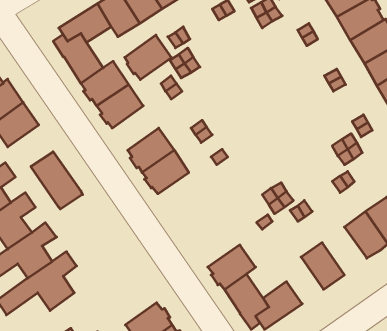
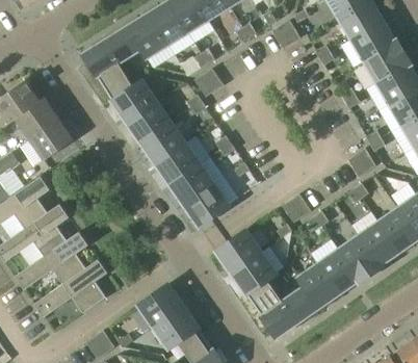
building: [125,35,171,80] -> [141,122,185,163]
building: [31,152,83,209] -> none
building: none -> [184,184,229,226]
building: none -> [216,230,261,273]
building: none -> [338,235,382,282]
building: none -> [298,263,339,307]
building: none -> [138,284,183,327]

